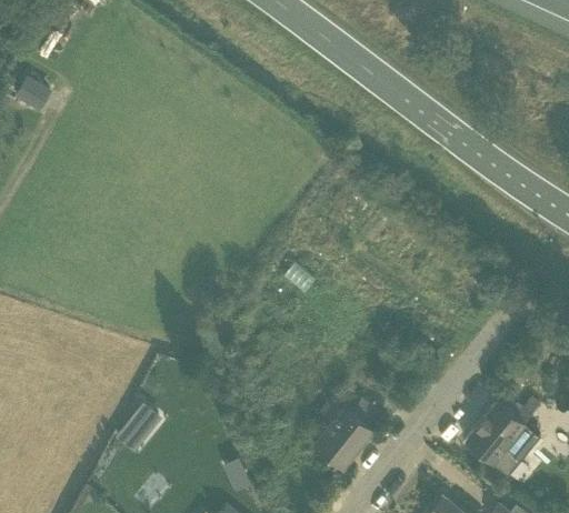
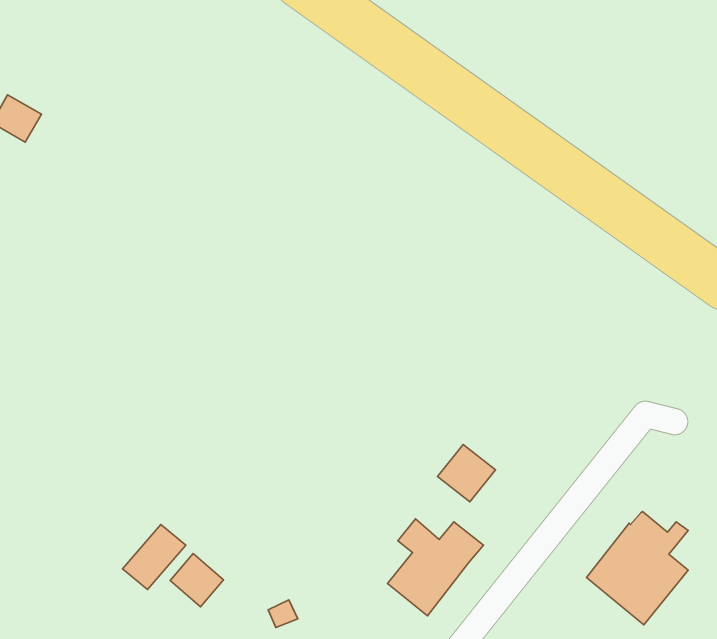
building: none -> [438,445,495,502]
building: none -> [170,553,223,607]

